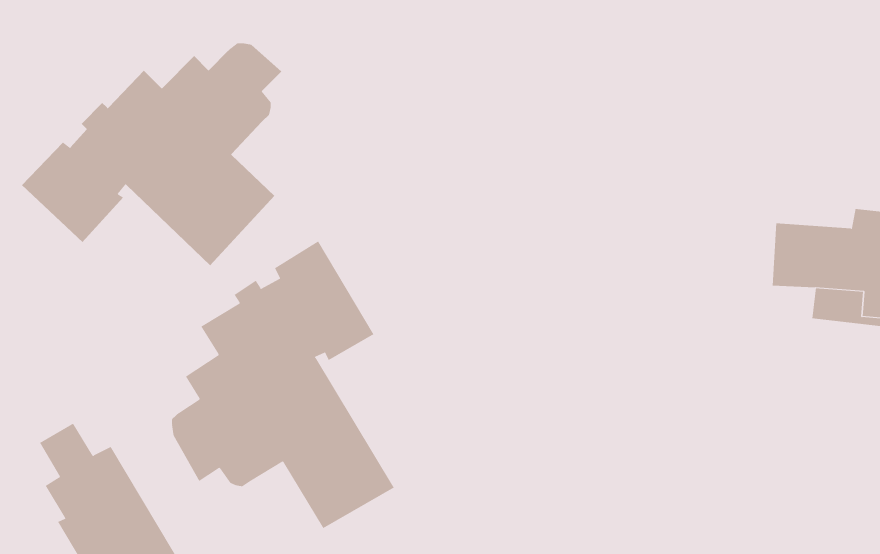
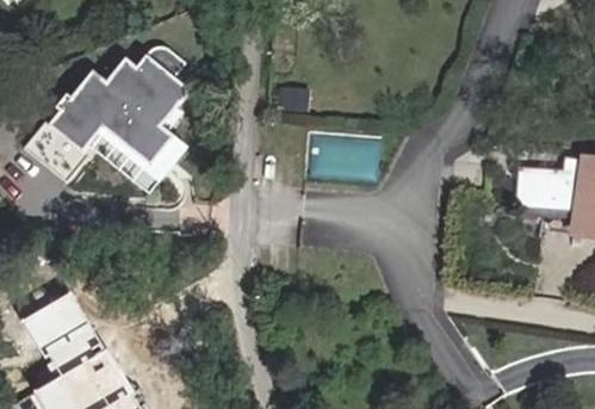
building: [172,241,395,529] -> none

